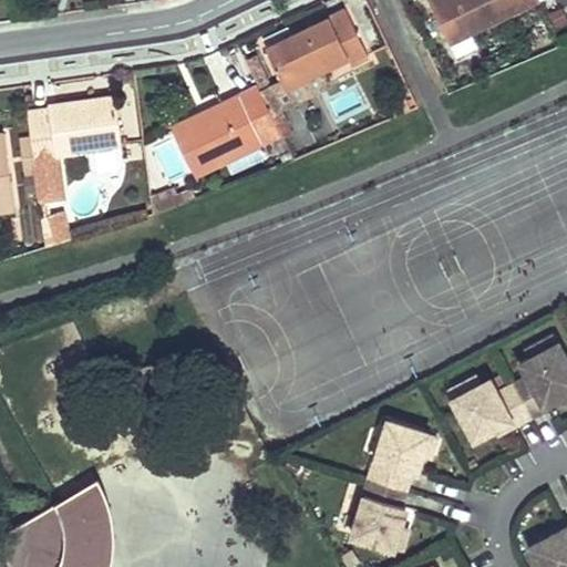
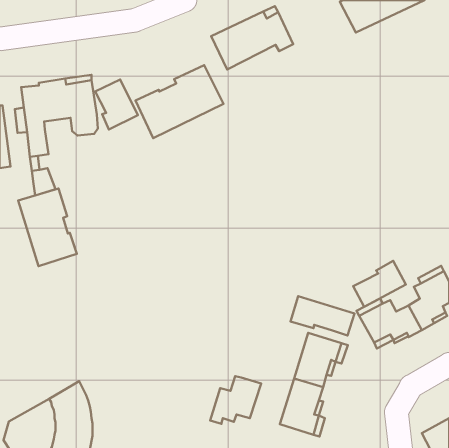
building: none -> [95,80,138,129]
building: none -> [18,189,77,266]
building: none -> [353,261,406,307]
building: none -> [291,296,355,335]
building: none -> [210,376,261,424]

